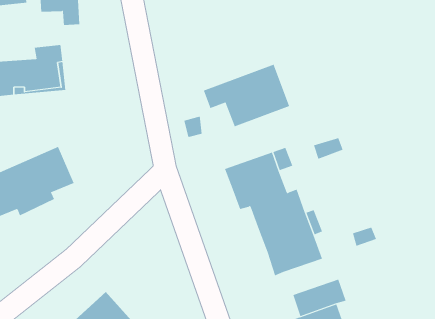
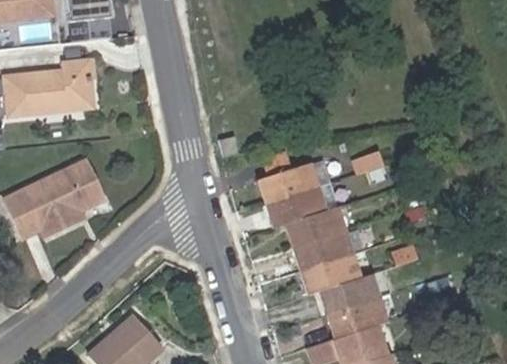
building: [203,64,290,127] -> none
building: none -> [322,278,380,319]

